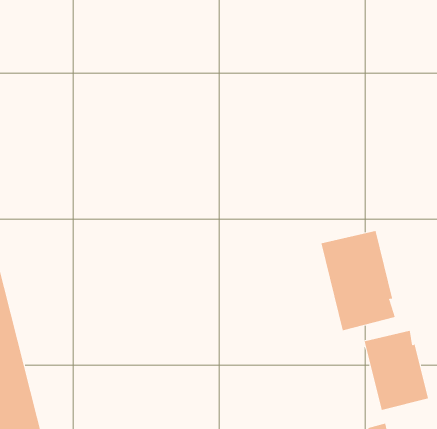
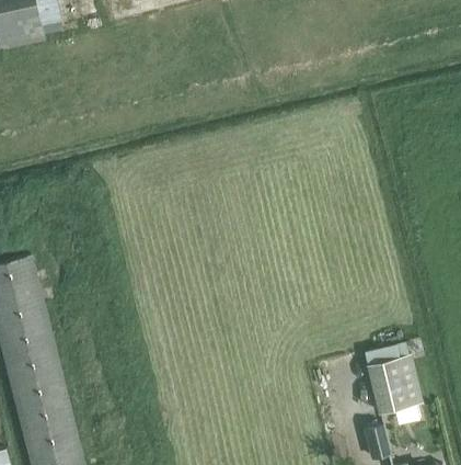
building: [321,230,396,331] -> none

